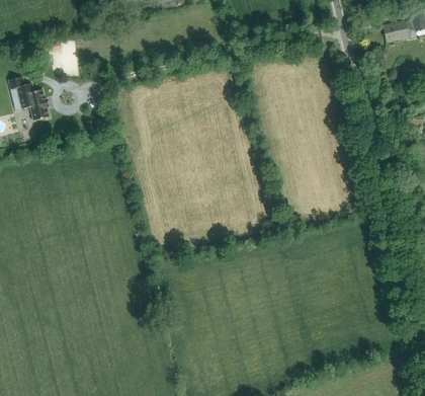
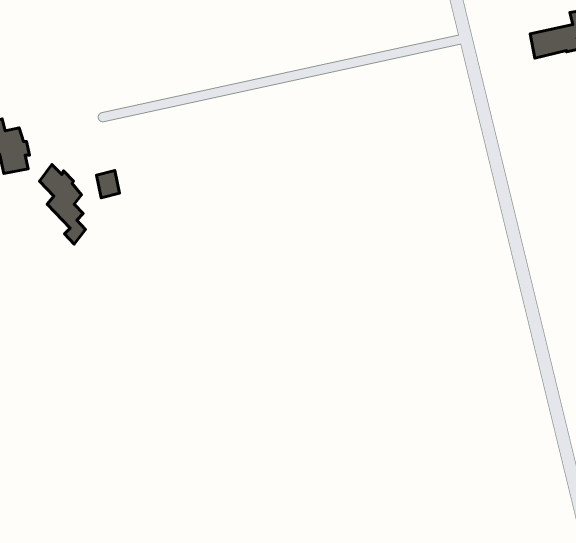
building: none -> [40,164,85,244]

